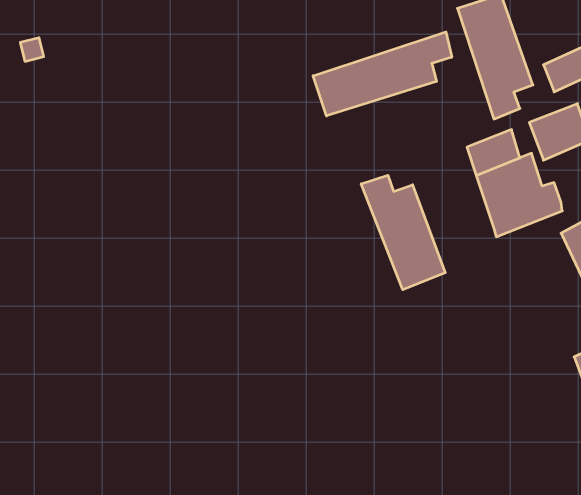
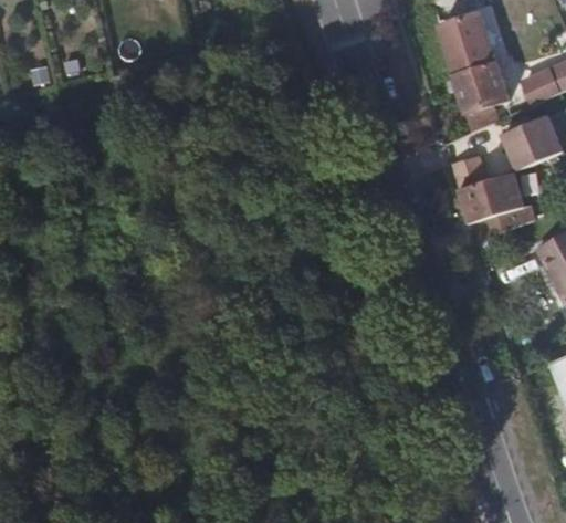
building: [313,32,452,116] -> none
building: [361,175,445,290] -> none

